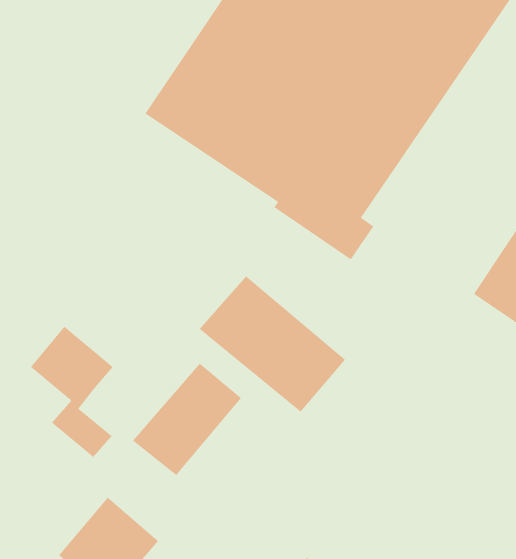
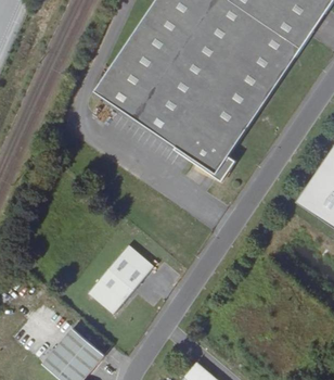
building: [199,276,346,413] -> none
building: [30,326,114,458] -> none

